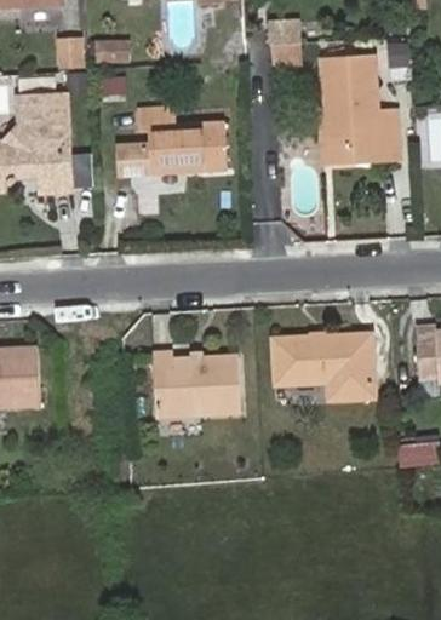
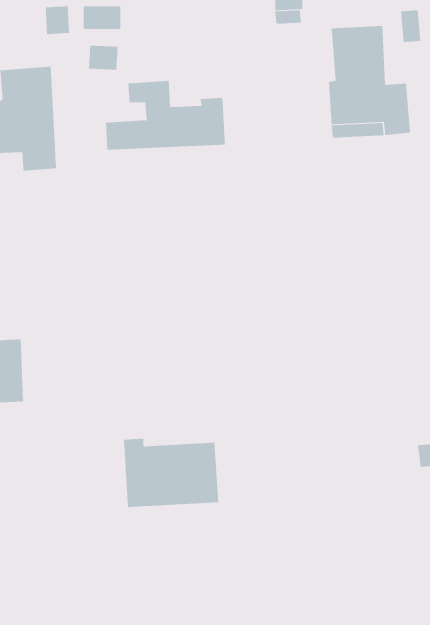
building: [273,333,374,398] -> none
building: [153,351,241,415] -> [123,438,219,508]

